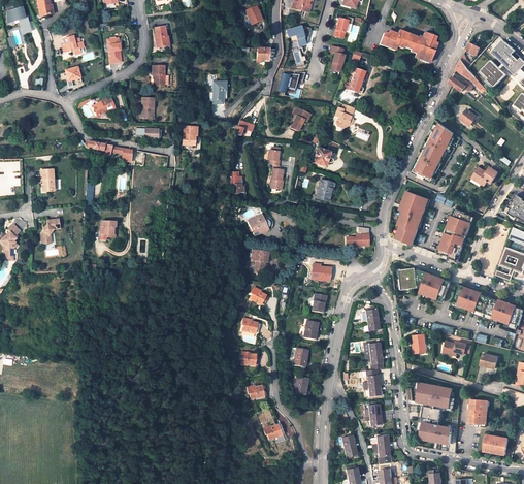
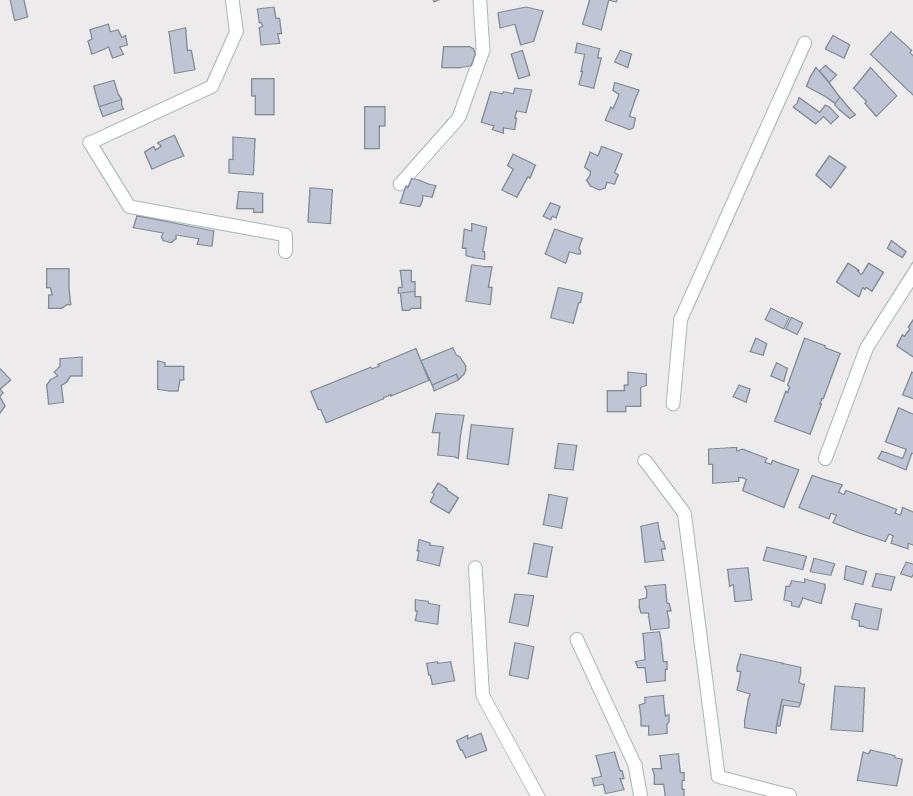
building: [378,31,435,63] -> none
building: [413,123,454,181] -> none
building: [397,191,428,244] -> none
building: none -> [311,348,429,423]
building: none -> [467,424,513,465]
building: [421,422,452,443] -> none

